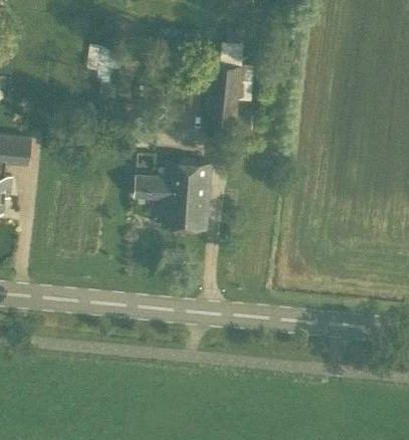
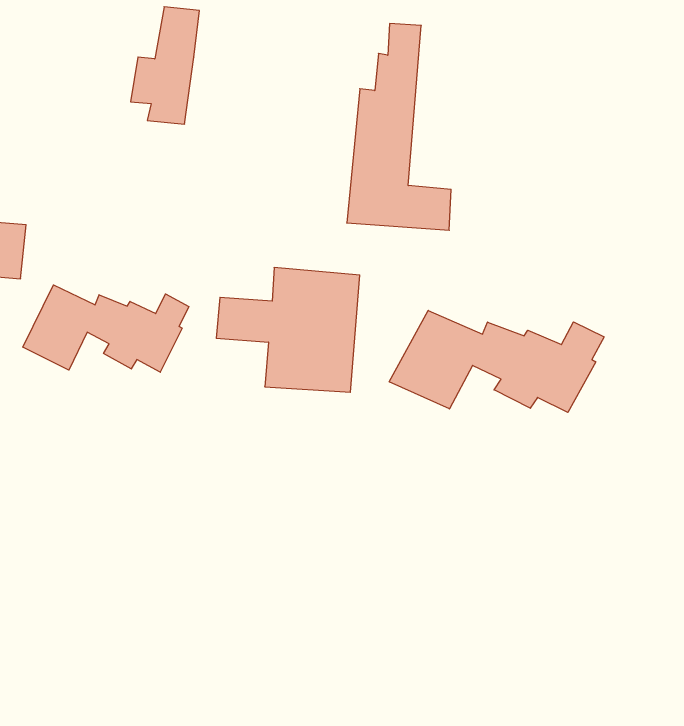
building: none -> [23,285,189,372]
building: none -> [389,310,604,412]

